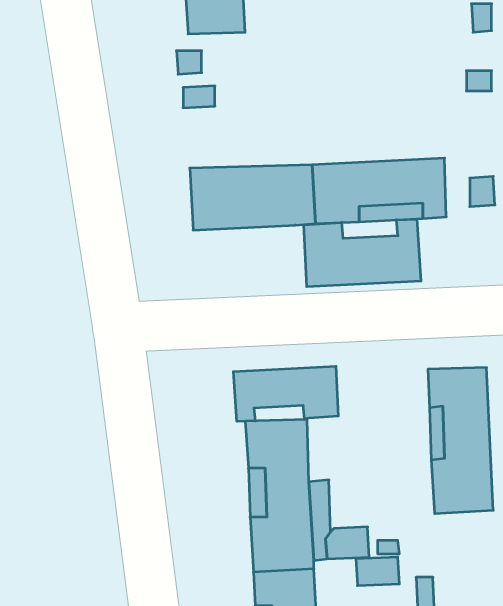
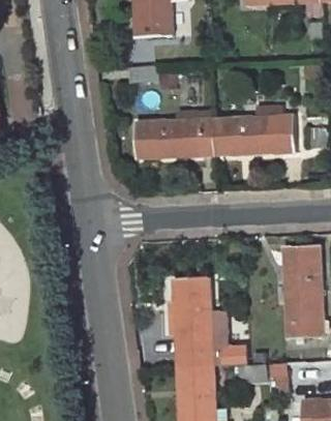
building: [304,219,421,287] -> none
building: [233,366,338,421] -> none

